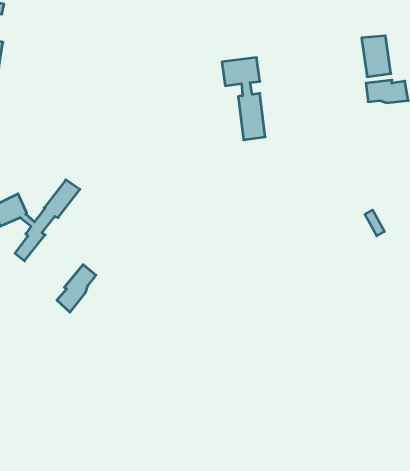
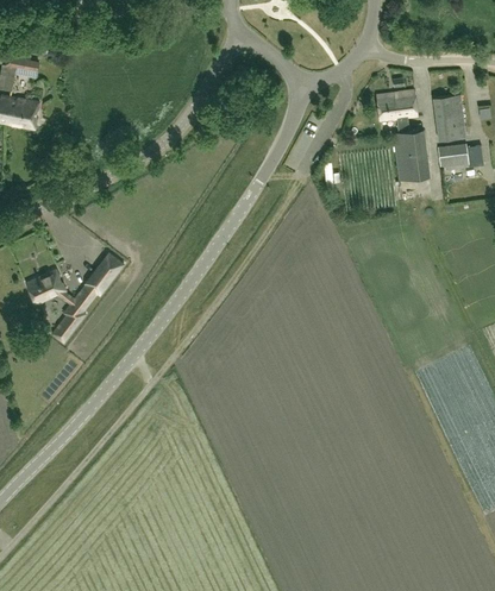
building: [222,58,265,140] -> [376,89,424,180]
building: [57,265,96,312] -> none

